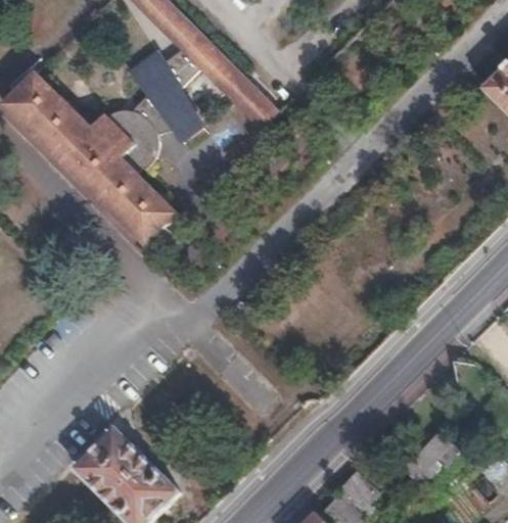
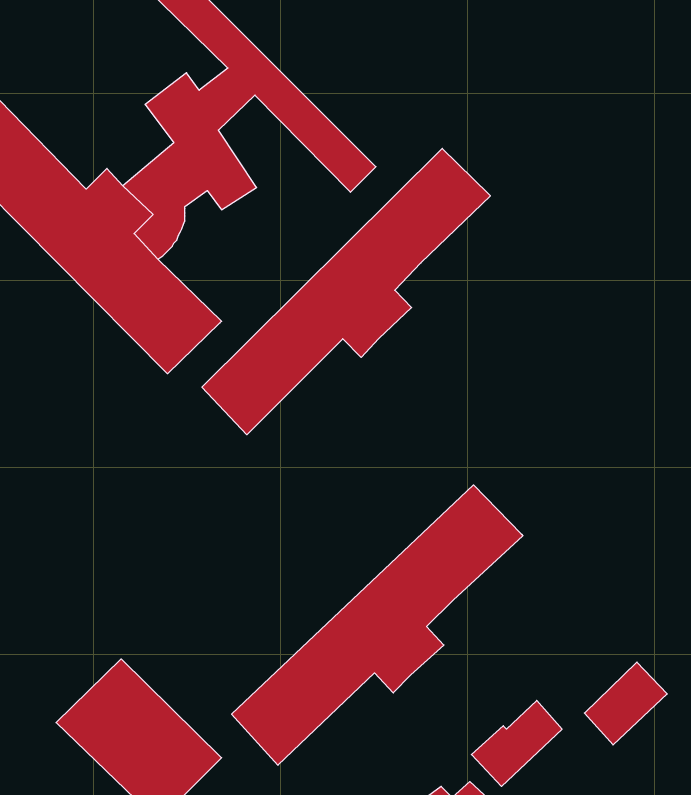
building: none -> [202,148,490,435]
building: none -> [232,485,523,765]

